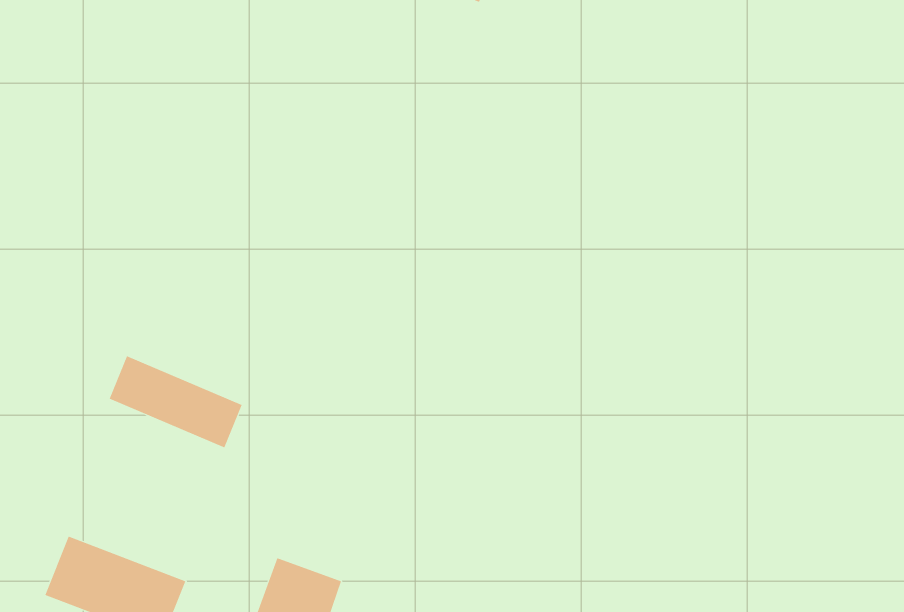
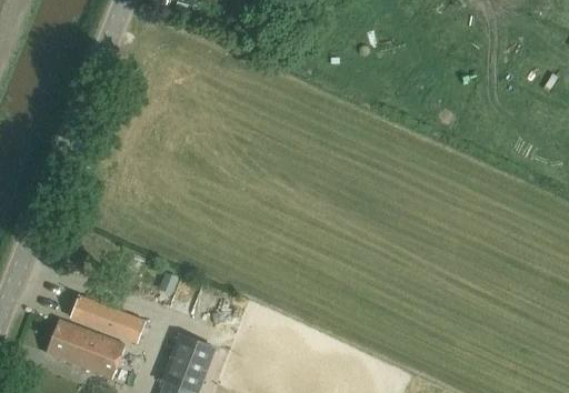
building: [109,356,243,448] -> [69,291,144,343]

